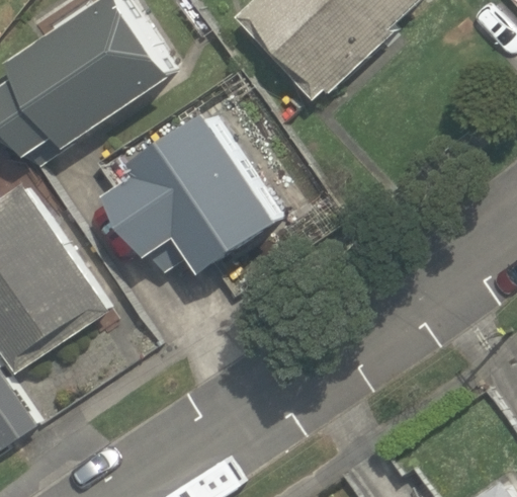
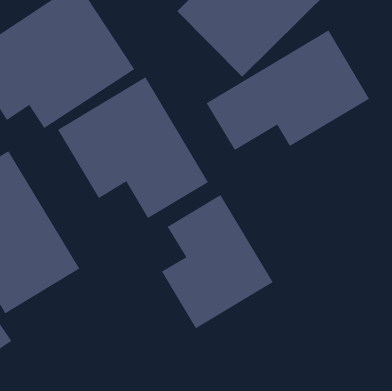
building: none -> [206,30,370,151]
building: none -> [161,194,274,329]

